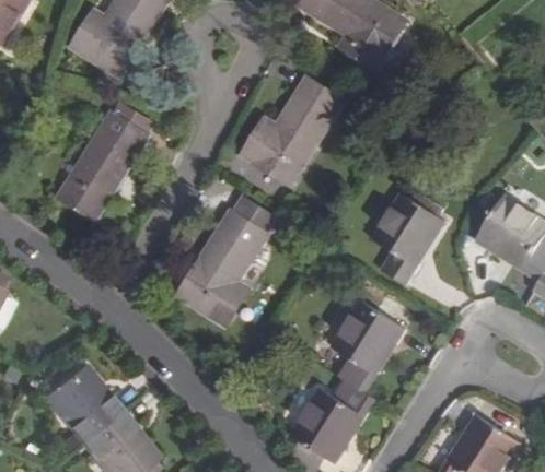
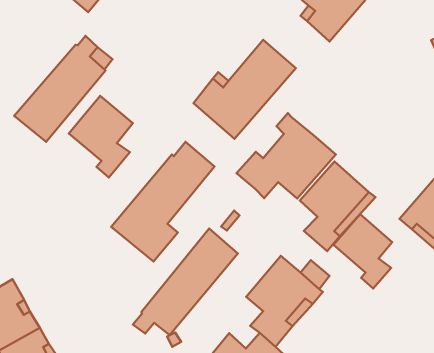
building: none -> [236,113,336,199]
building: none -> [69,96,133,177]
building: none -> [334,214,392,288]
building: none -> [133,229,238,335]

